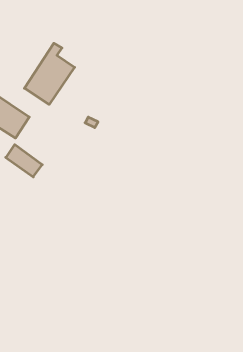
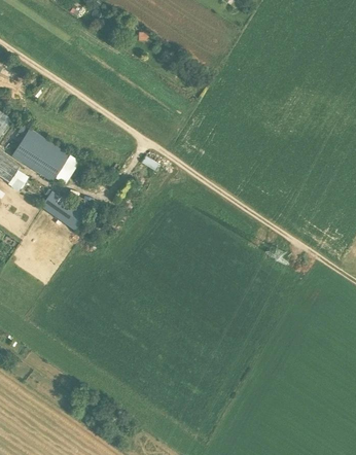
building: [24,43,75,104] -> none

